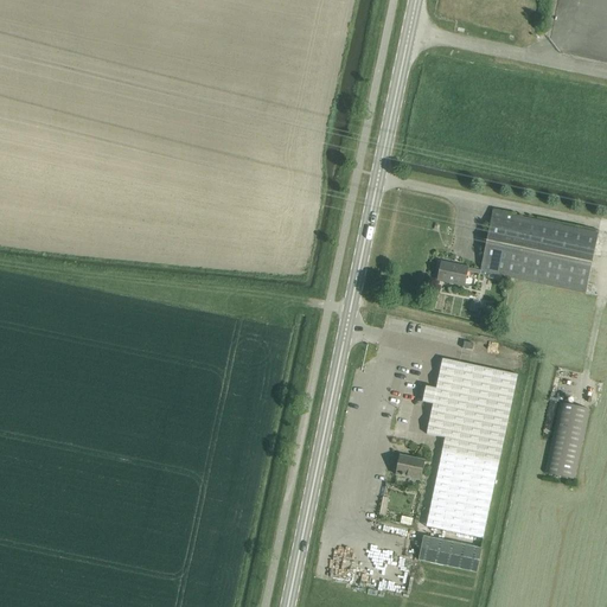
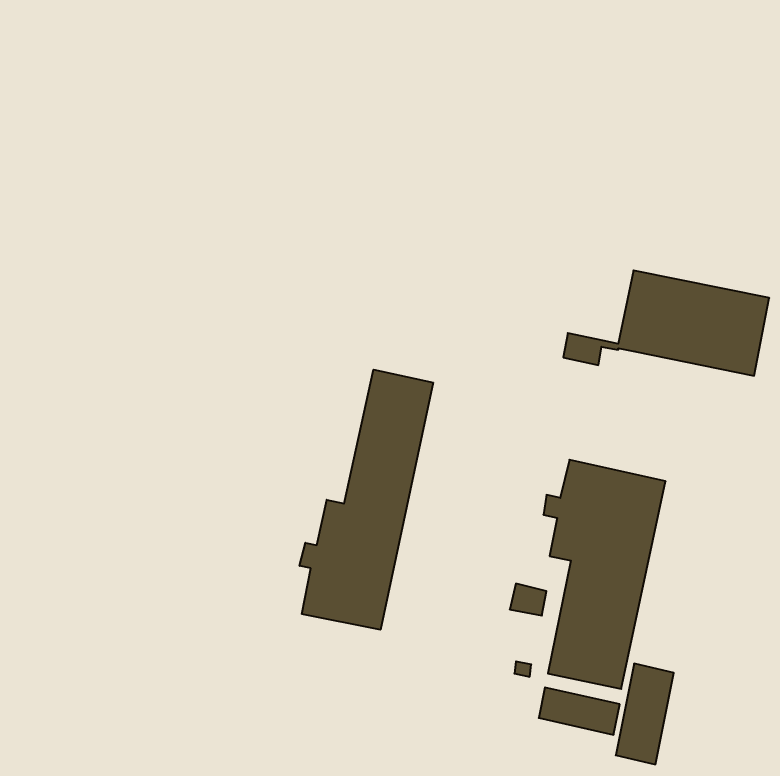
building: none -> [300,370,433,630]
building: [544,400,589,478] -> [616,664,674,764]

